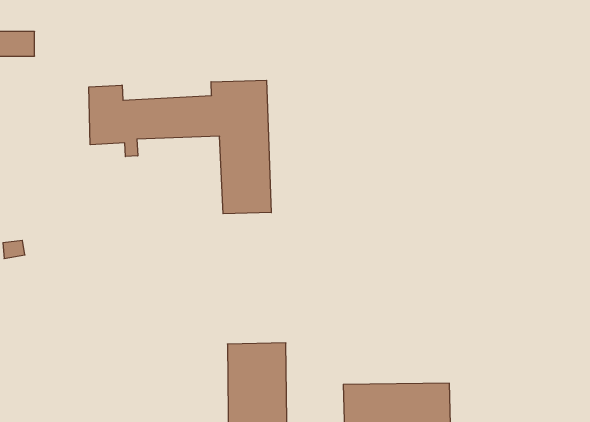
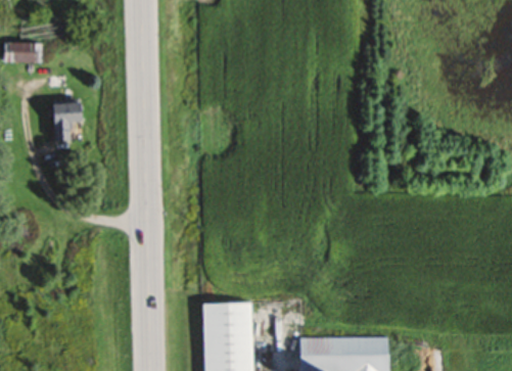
building: [89,80,271,214] -> none
building: none -> [53,104,81,142]

